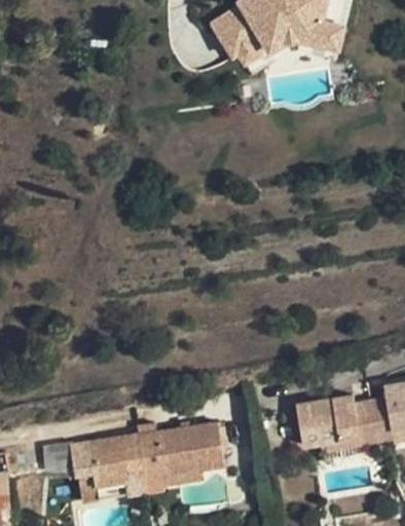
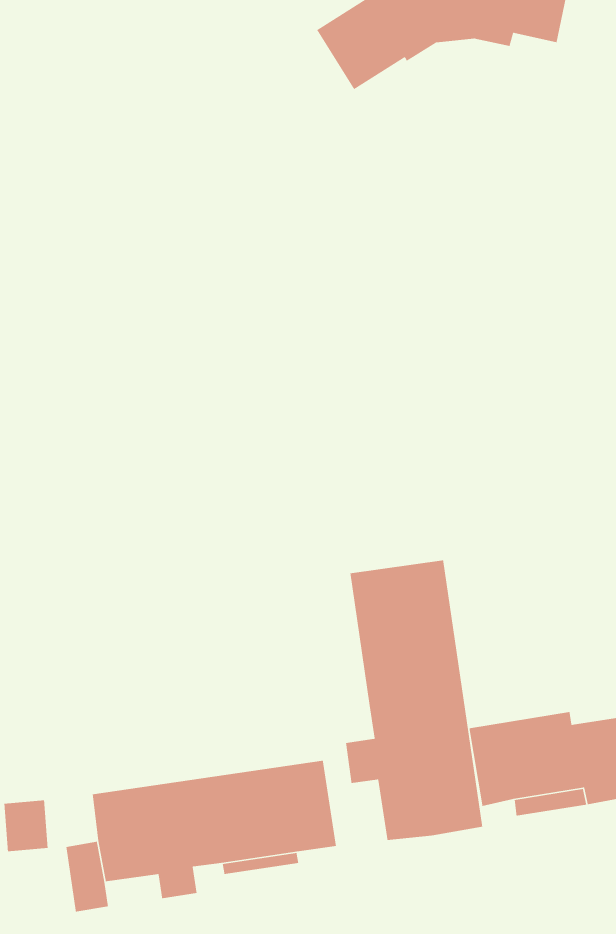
building: [262,25,344,48] -> none
building: none -> [345,560,483,841]

